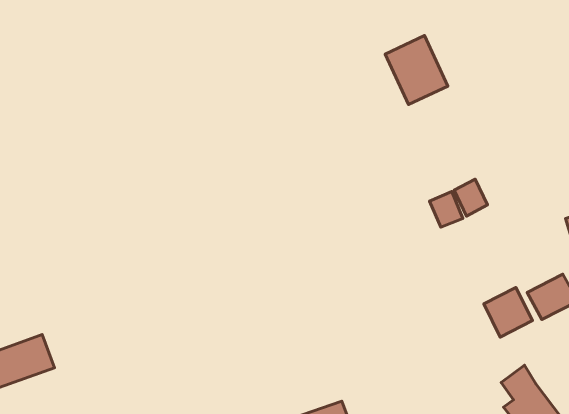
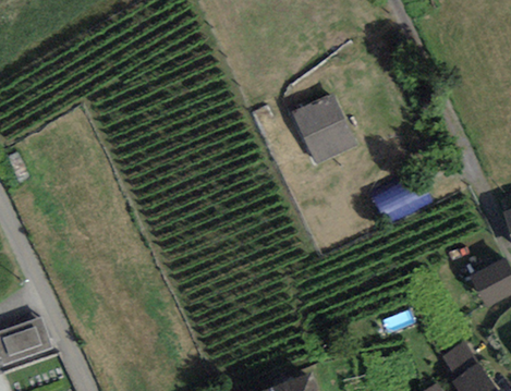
building: [385,36,448,105] -> [294,100,350,161]
building: [484,287,532,337] -> none

